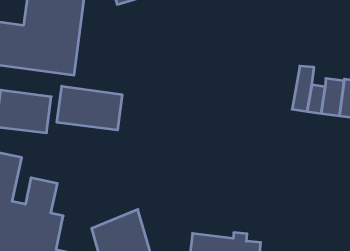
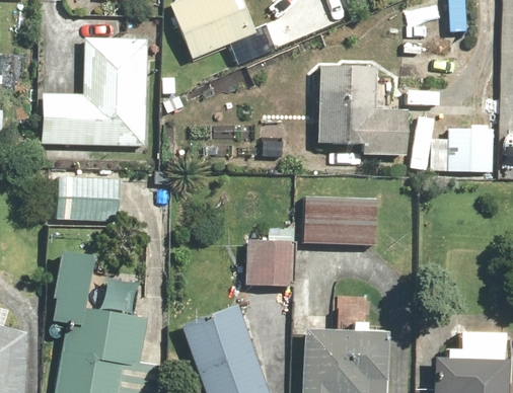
building: none -> [317,67,407,157]
building: [57,86,122,130] -> none
building: none -> [246,194,378,286]

